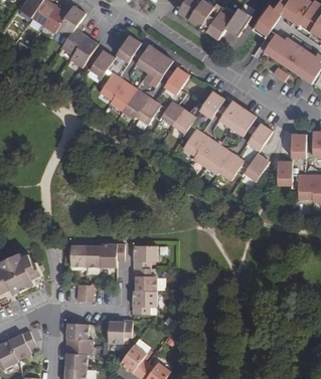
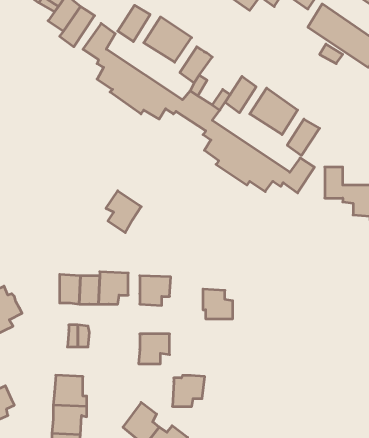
building: [291,134,306,159] -> none
building: none -> [106,191,141,233]
building: [133,267,156,291] -> [203,289,233,319]
building: [108,319,133,343] -> [172,375,205,406]

